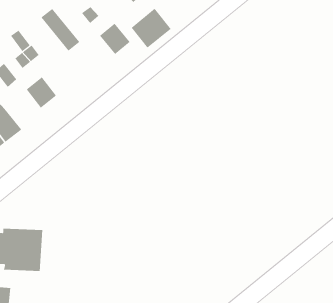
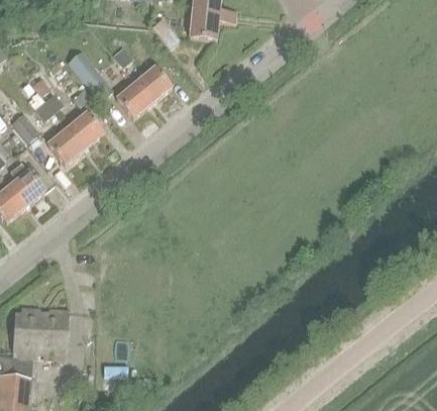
building: [131,8,171,49] -> none
building: none -> [116,82,152,119]
building: none -> [68,114,104,151]

